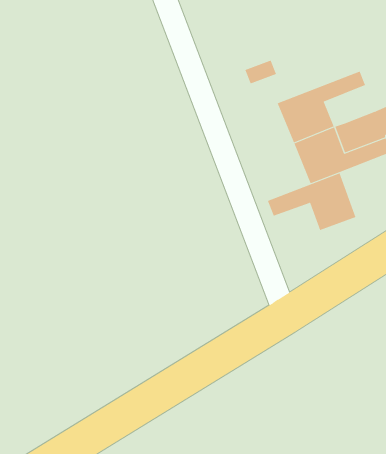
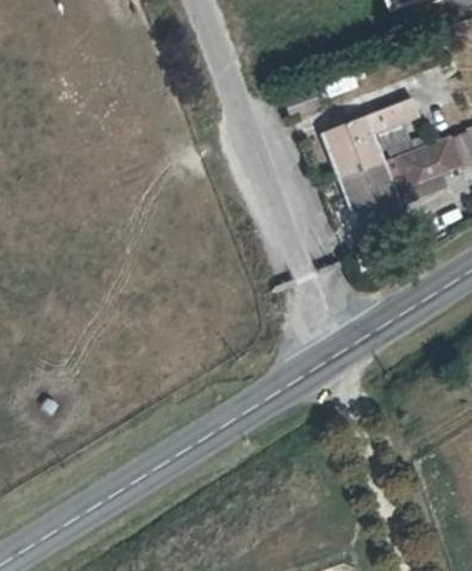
building: [267,173,356,231] -> none

